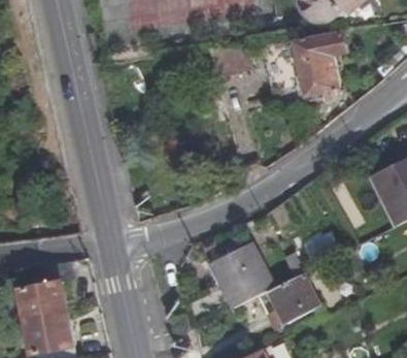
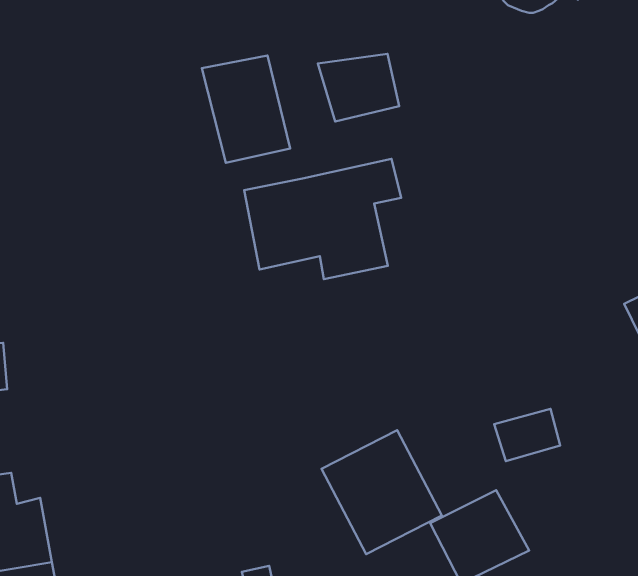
building: [263,32,346,96] -> [244,159,401,279]
building: none -> [202,56,290,163]

